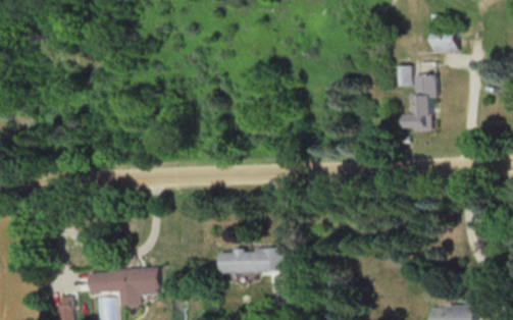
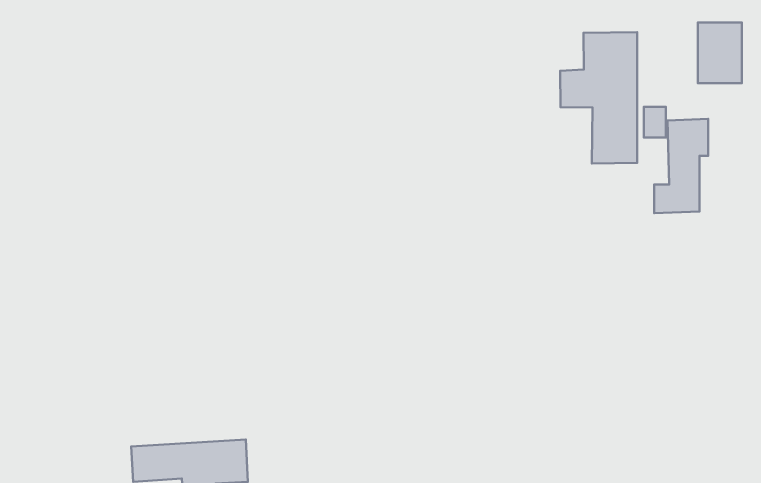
building: none -> [560,32,637,163]
building: [218,250,283,273] -> none

